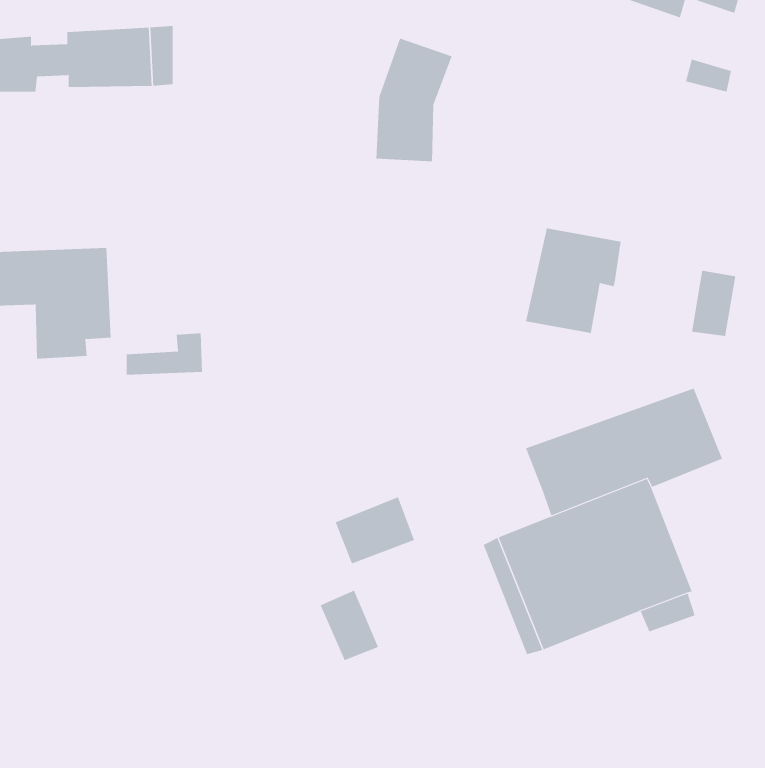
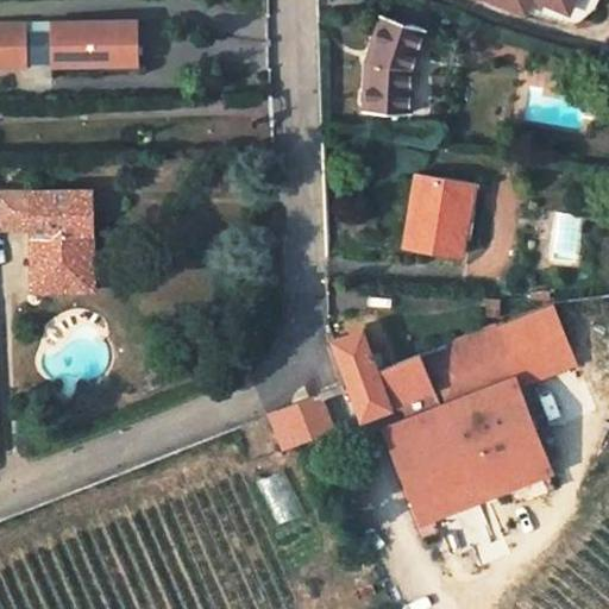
building: [375,38,452,162] -> [376,14,437,112]
building: [126,333,203,375] -> [29,266,89,300]
building: none -> [329,328,427,413]

